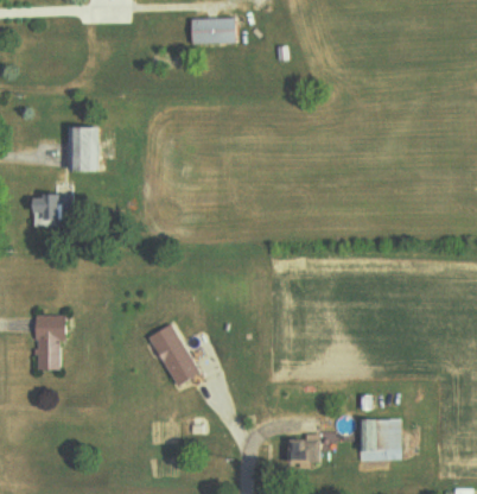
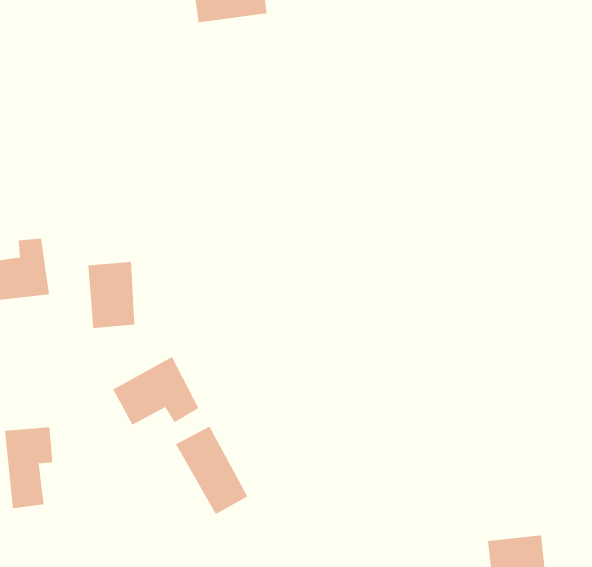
building: [70,129,101,173] -> [87,262,135,328]
building: none -> [113,356,199,425]

